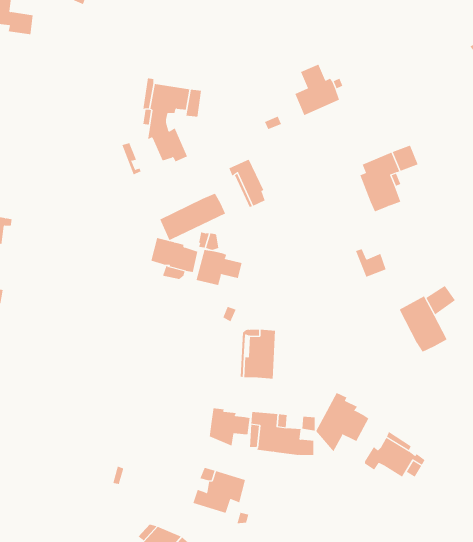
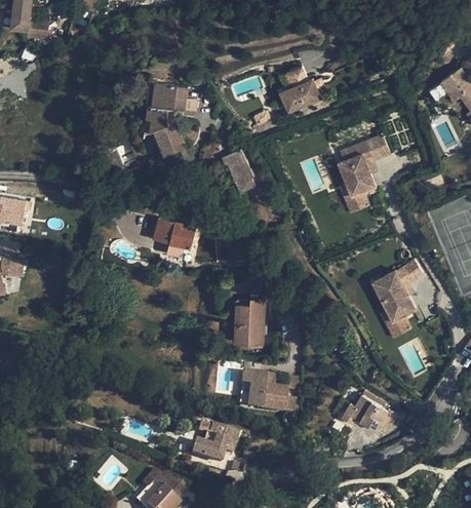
building: [159,193,226,241] -> none
building: [355,249,387,278] -> [341,187,368,212]
building: [196,249,242,286] -> none
building: none -> [382,312,411,338]
building: [315,392,369,452] -> none
building: [209,408,250,447] -> none

